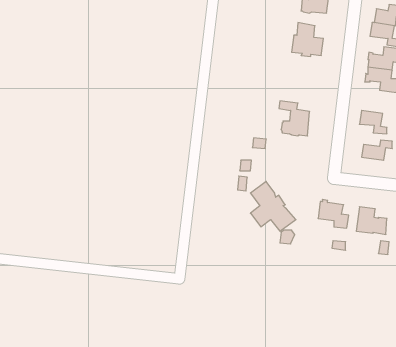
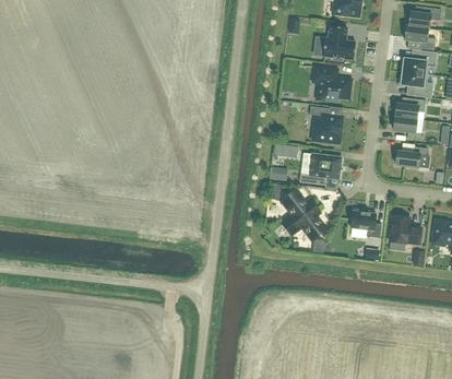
building: none -> [312,67,350,100]
building: none -> [394,98,425,119]
building: none -> [298,153,341,185]

